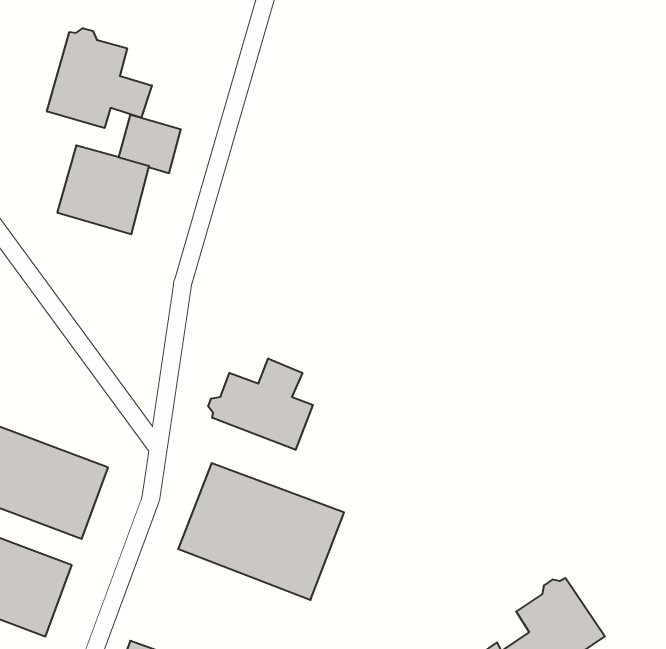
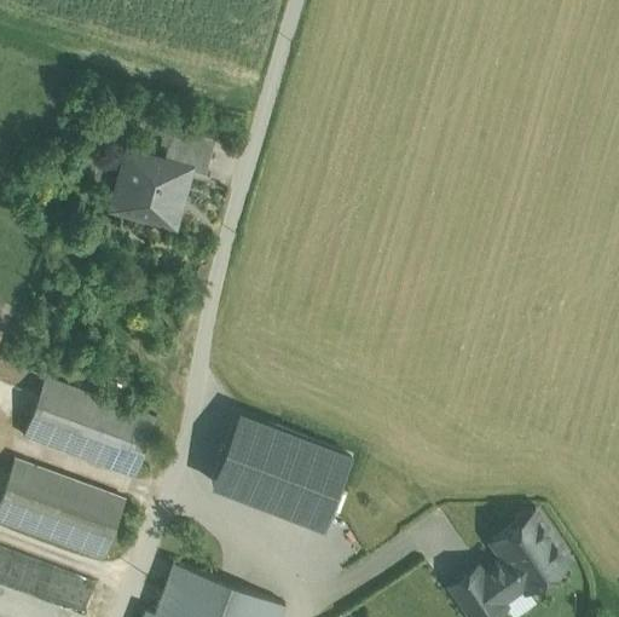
building: [47,28,152,128] -> none
building: [208,358,313,450] -> none

